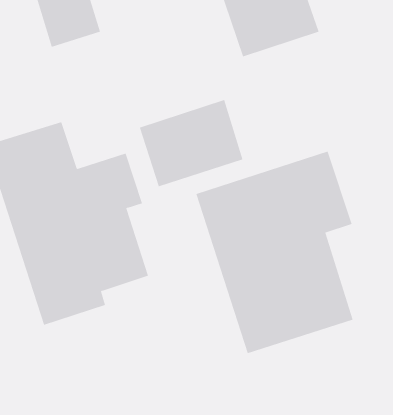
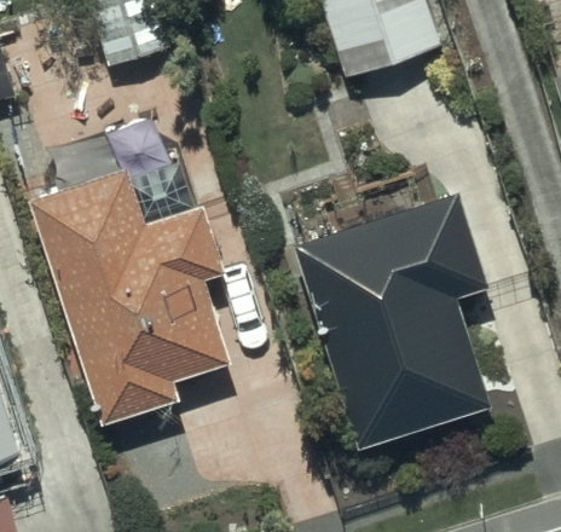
building: [139,99,243,187] -> none

